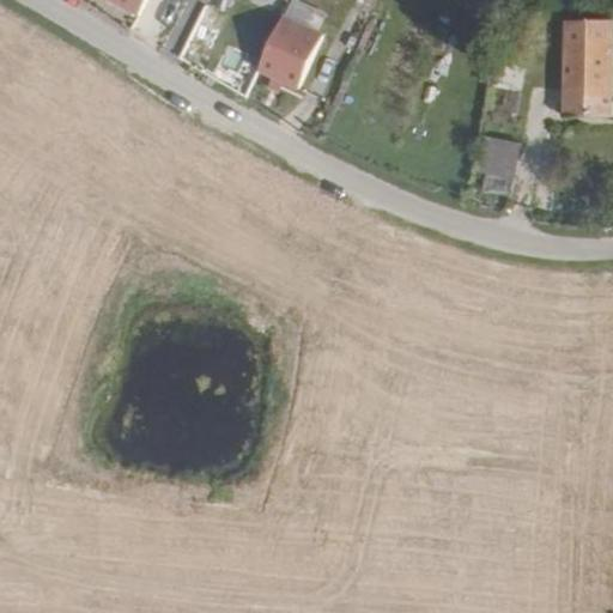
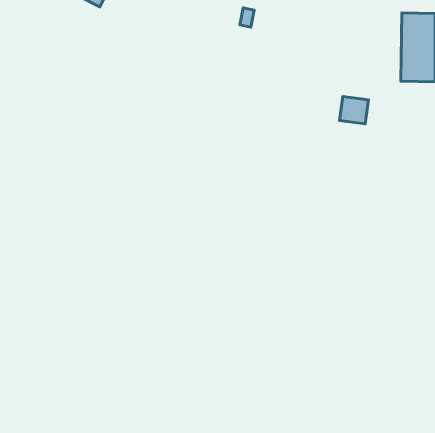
building: [257,16,321,87] -> none

